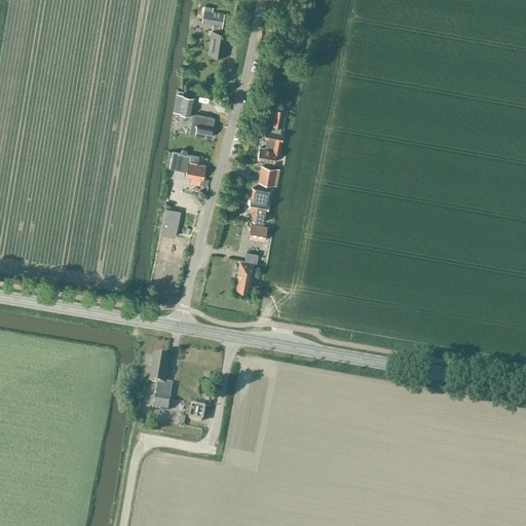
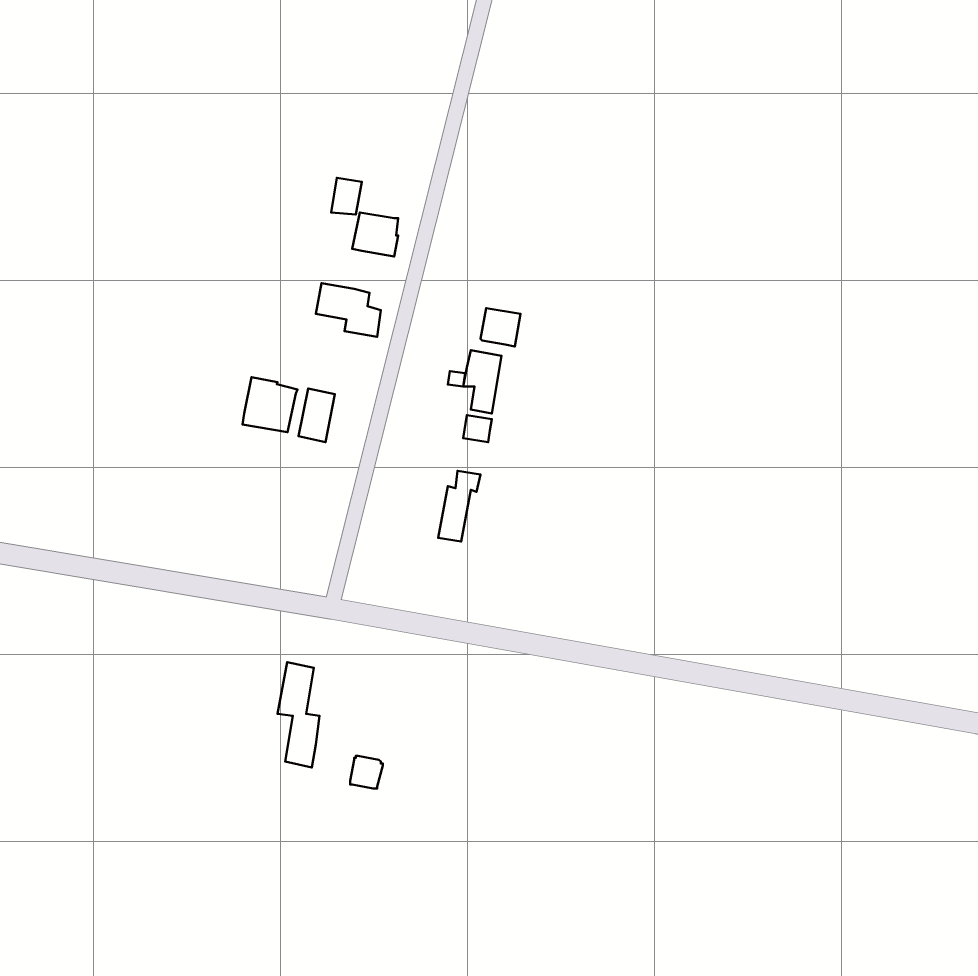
building: [201,7,228,54] -> none
building: [257,109,285,163] -> none
building: none -> [242,377,297,432]

